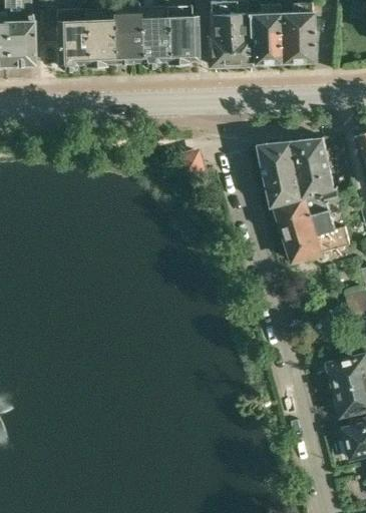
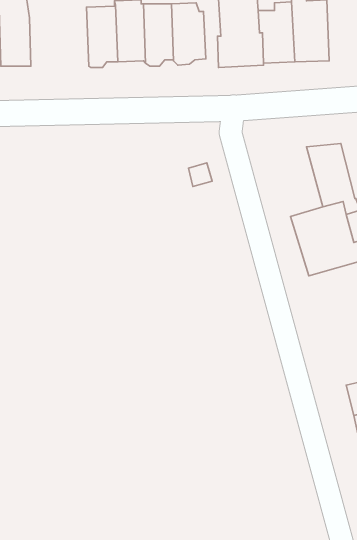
building: [54,10,87,67] -> none
building: [259,140,306,206] -> none

